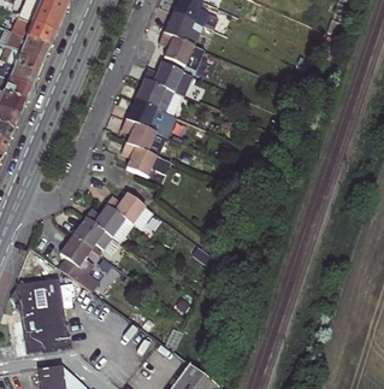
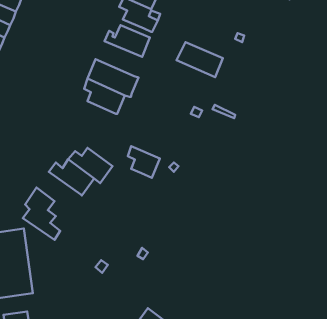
building: [135,78,184,116] -> [176,42,223,77]
building: [123,142,156,176] -> [128,146,160,178]
building: [72,217,119,253] -> none

